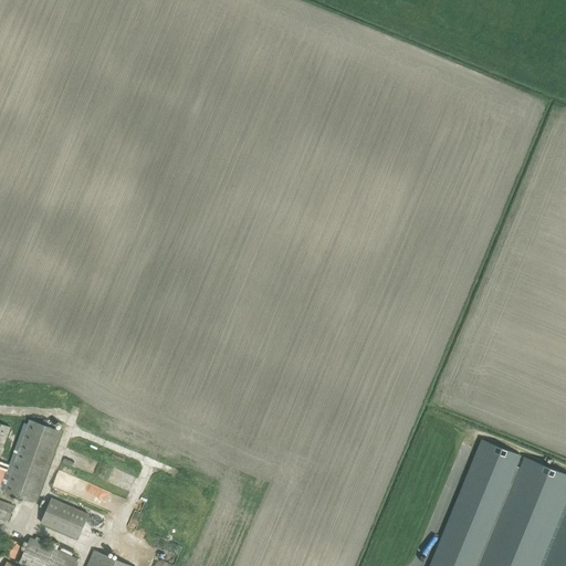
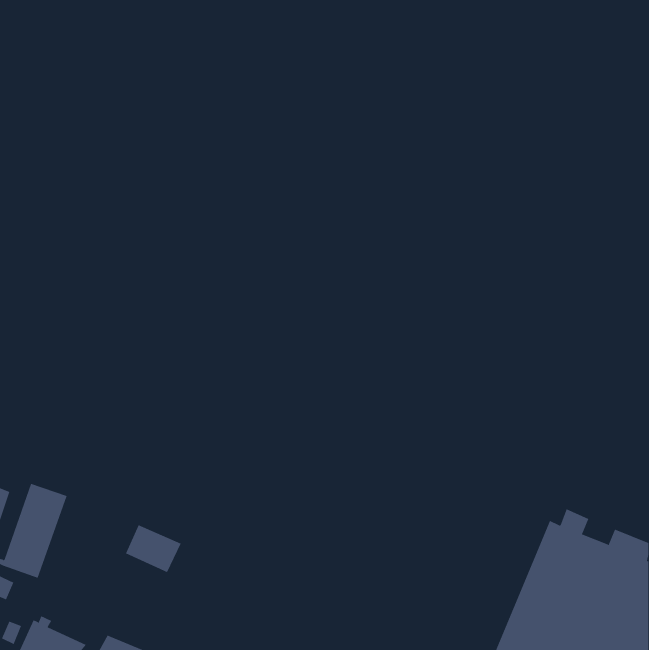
building: [39,499,87,541] -> [125,524,181,573]

